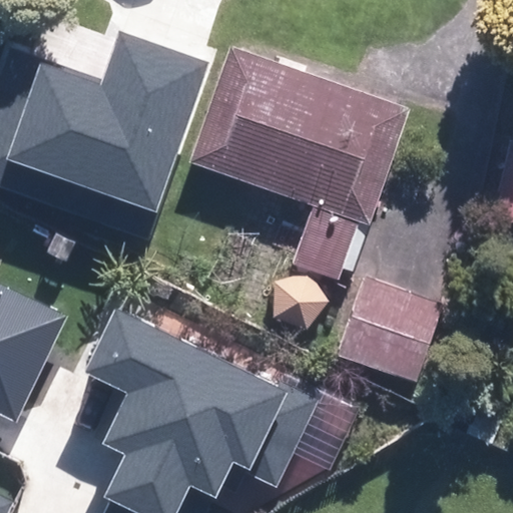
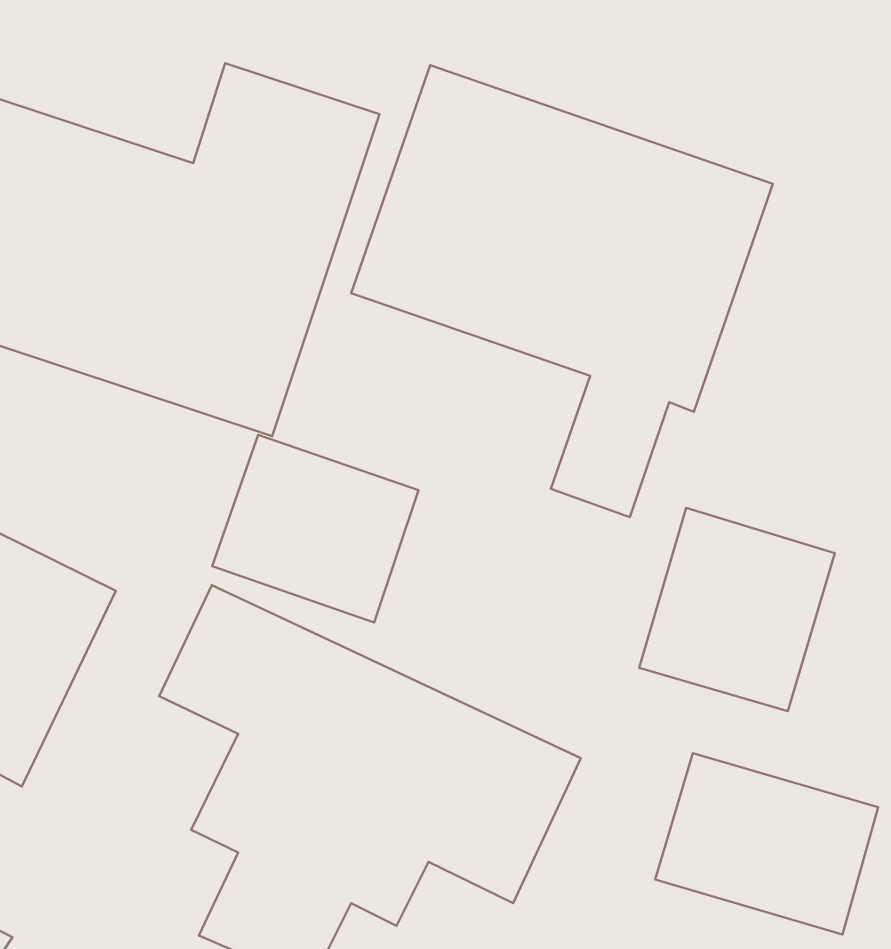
building: none -> [212,435,419,623]
building: none -> [655,753,878,935]

